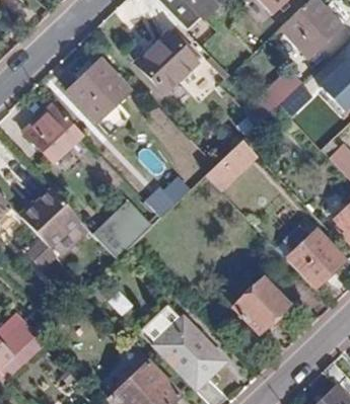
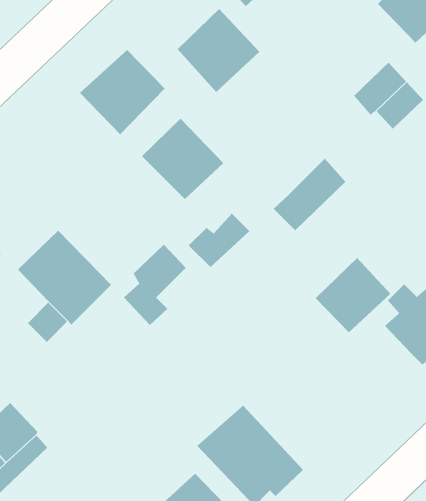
building: [22,103,81,162] -> none
building: none -> [141,118,224,200]
building: [232,277,287,332] -> [315,257,391,333]

